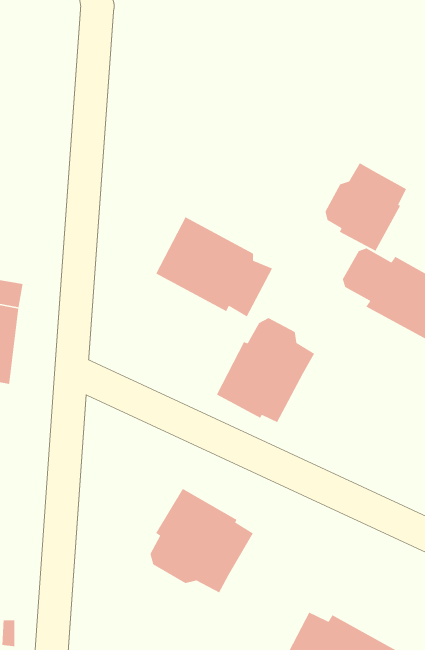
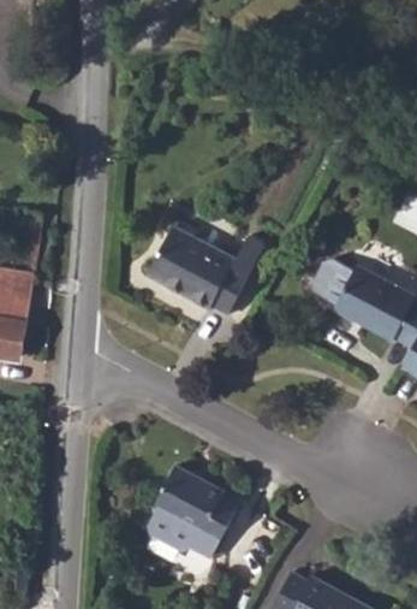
building: [324,162,407,252] -> none
building: [216,317,315,423] -> none

